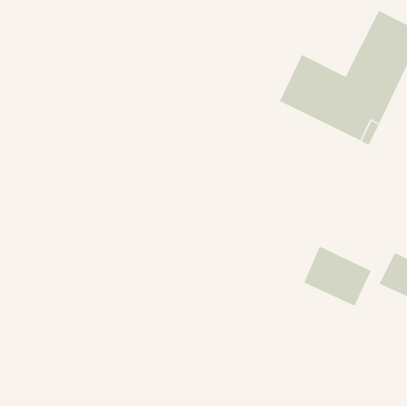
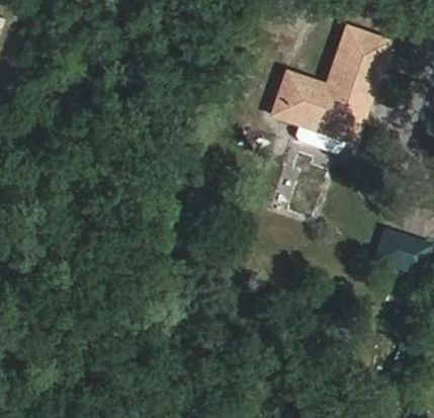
building: [304,246,371,306] -> none

